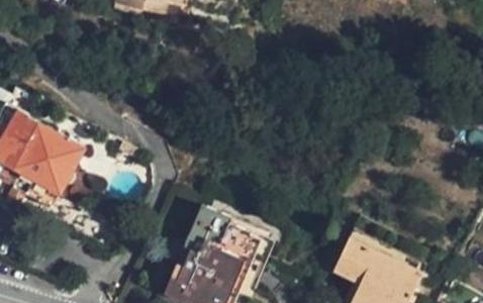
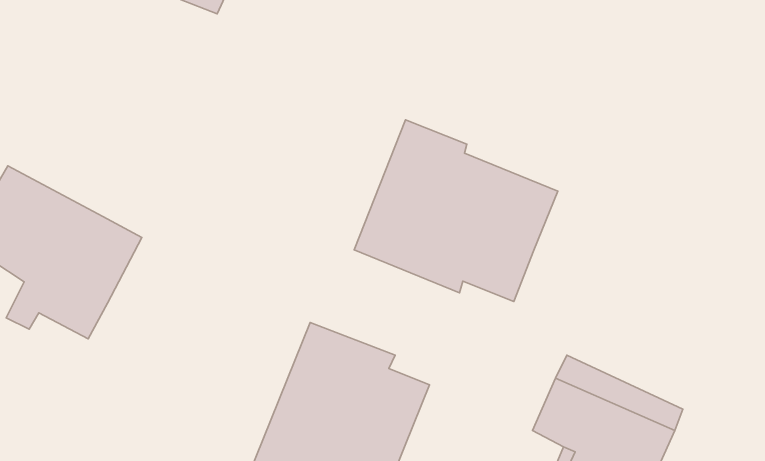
building: none -> [354,120,558,301]

